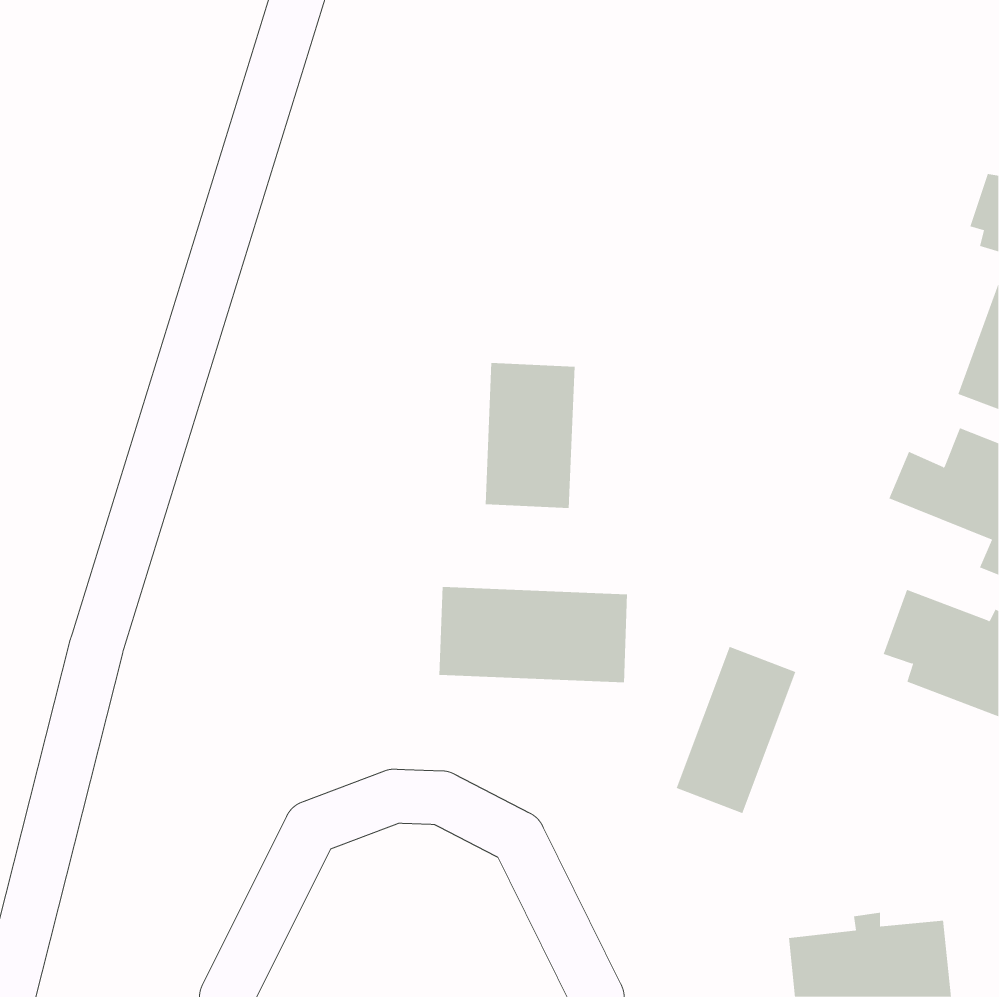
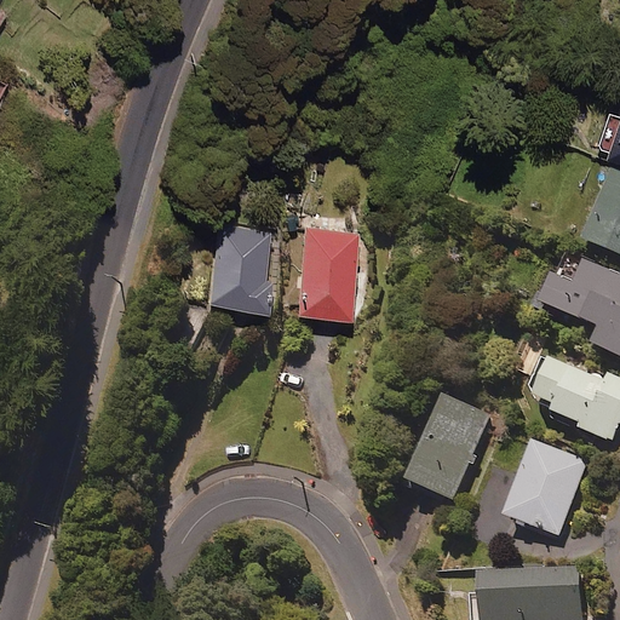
building: none -> [207,219,269,306]
building: [439,586,628,683] -> none
building: none -> [510,441,586,535]

